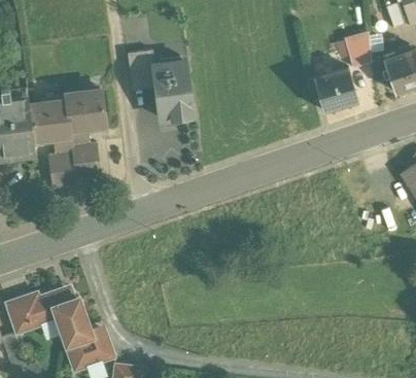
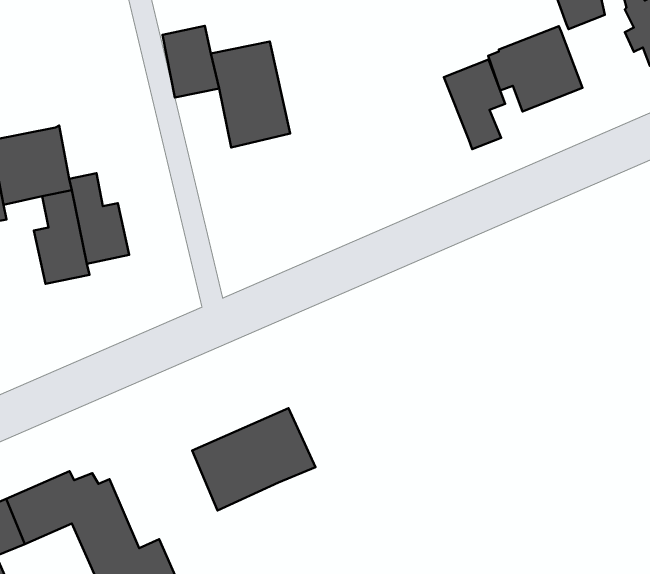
building: none -> [444,59,505,149]
building: [64,89,106,129] -> none
building: none -> [192,408,315,510]

